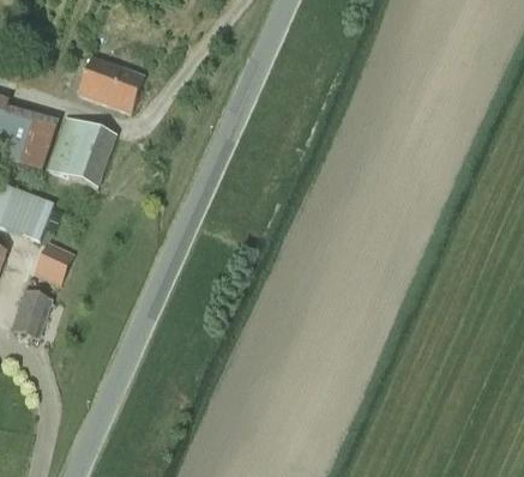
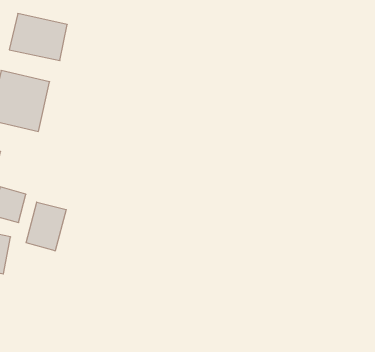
building: none -> [26,202,66,251]

